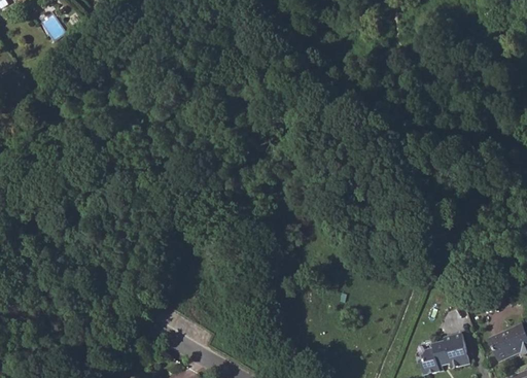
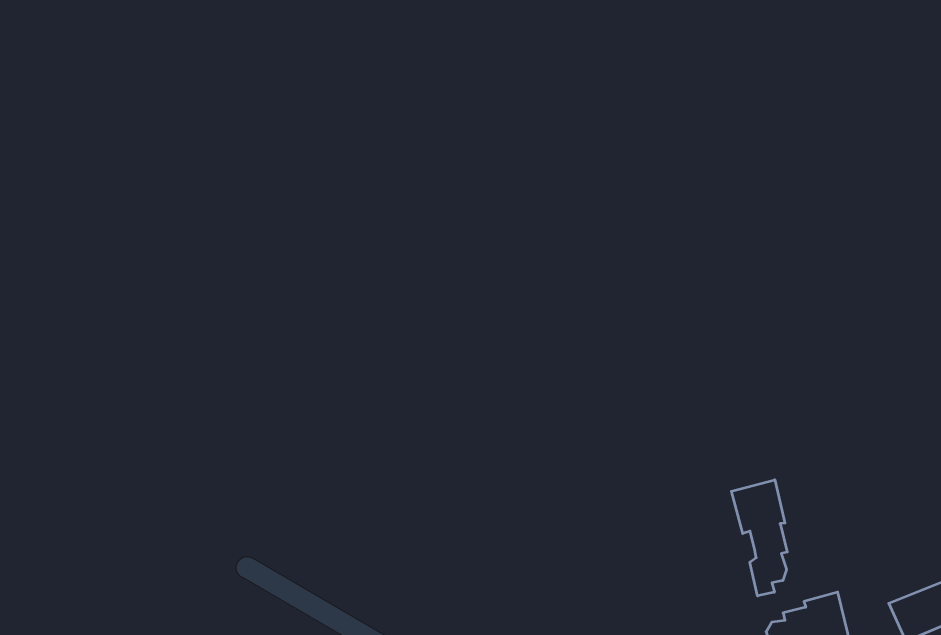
building: none -> [731,480,787,596]

